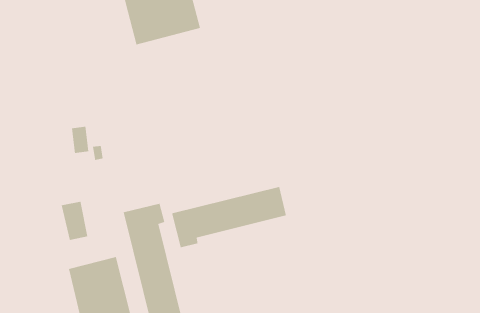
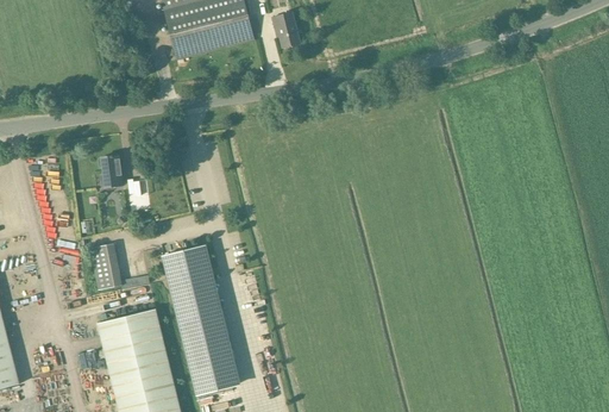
building: none -> [272,13,300,49]
building: [172,186,287,248] -> none

